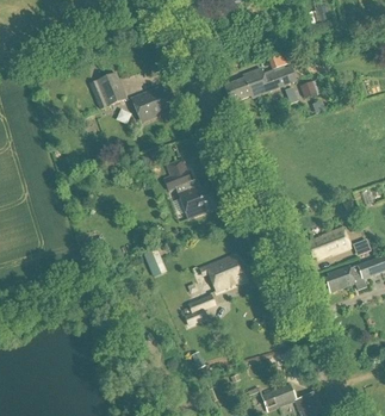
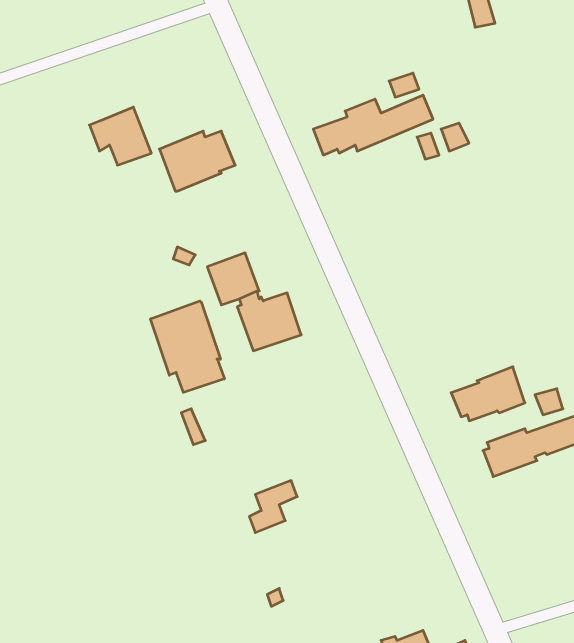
building: none -> [151,301,224,392]
building: [199,256,246,291] -> none

